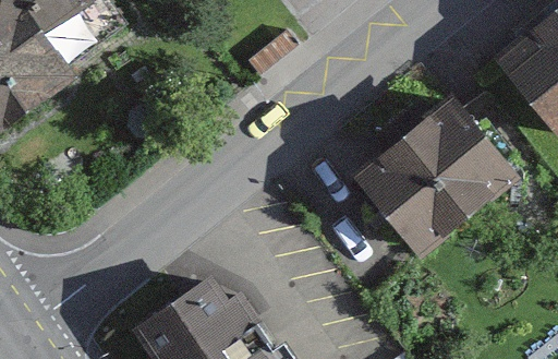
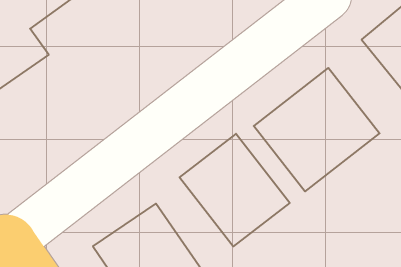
building: none -> [180,134,290,246]

